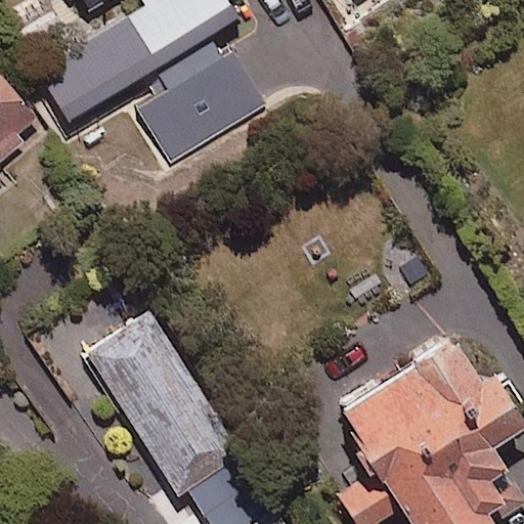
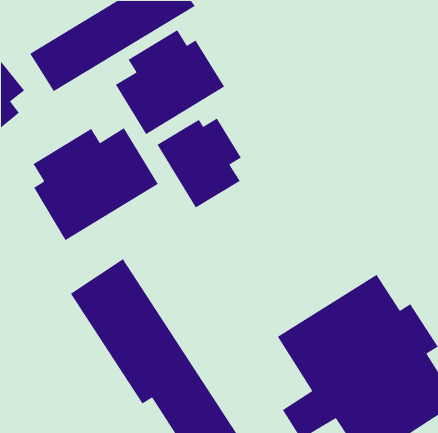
building: none -> [157,117,242,209]
building: none -> [33,127,159,241]

